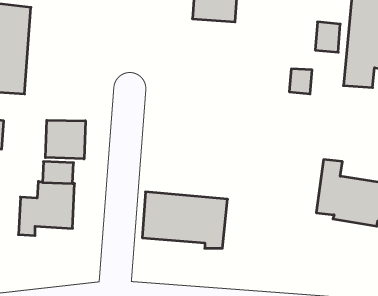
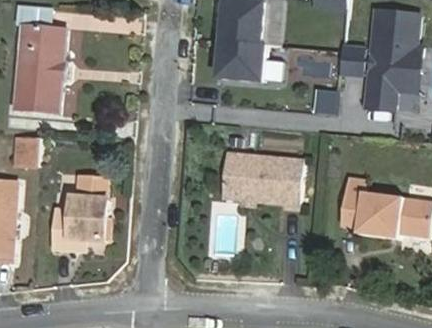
building: none -> [218,40,266,80]
building: [45,120,85,159] -> none
building: [142,192,228,248] -> [222,153,304,207]

